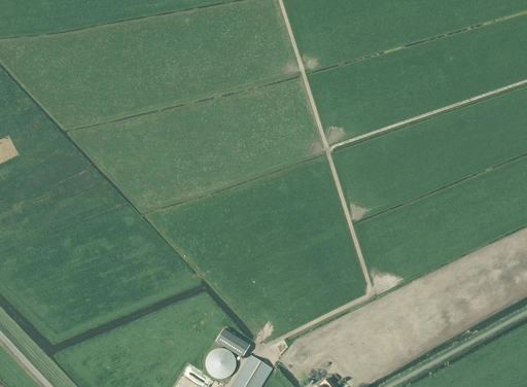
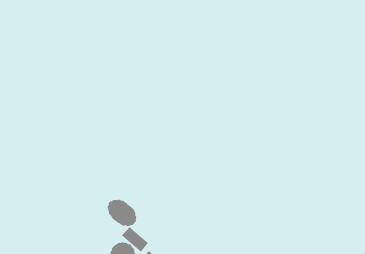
building: none -> [107,199,137,227]

